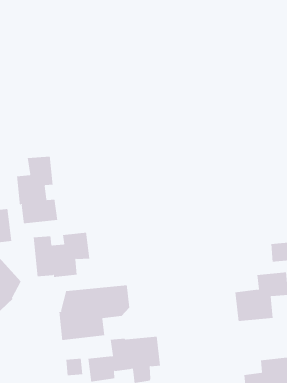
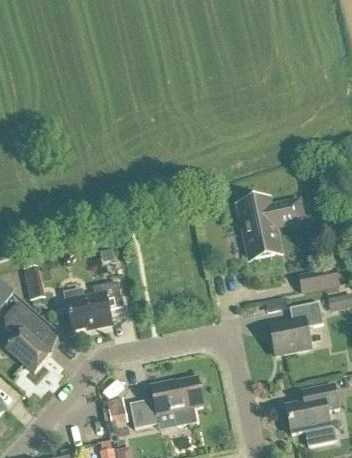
building: [17,156,58,224] -> none
building: none -> [238,198,303,256]
building: [59,284,130,341] -> none

